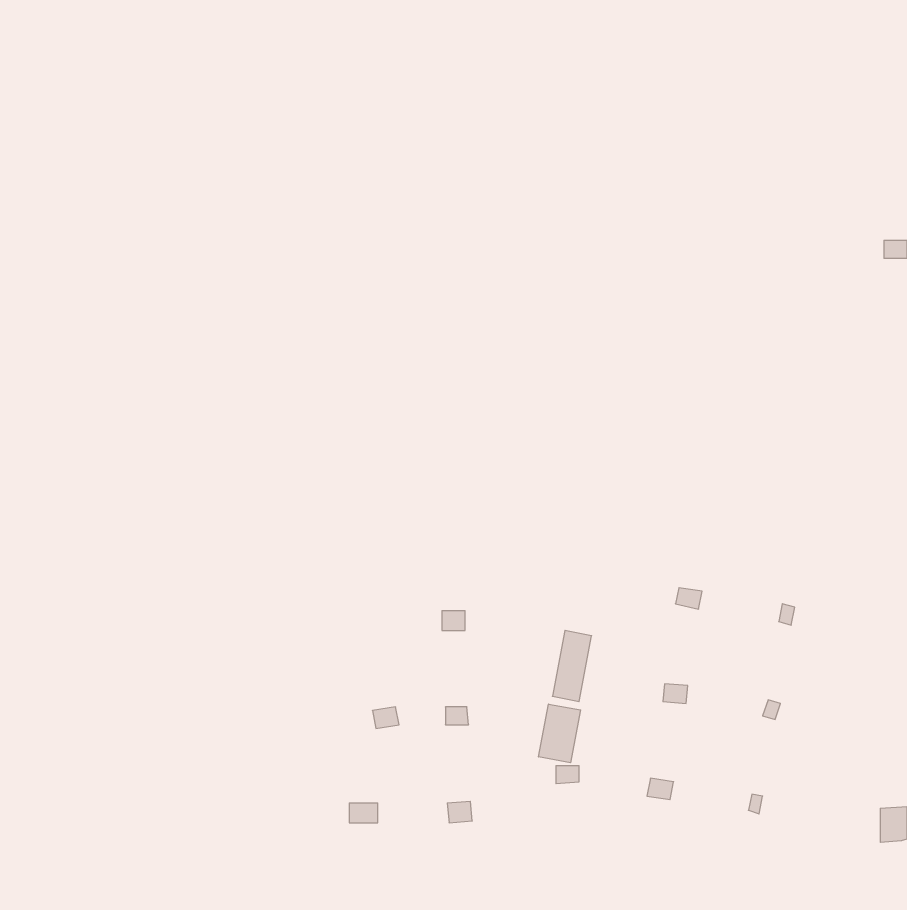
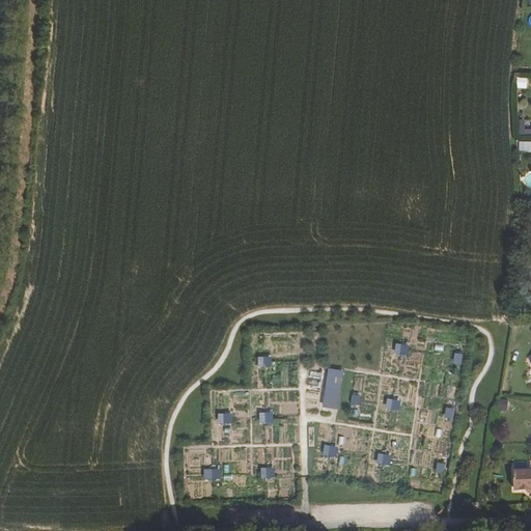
building: [539,704,581,763] -> none

